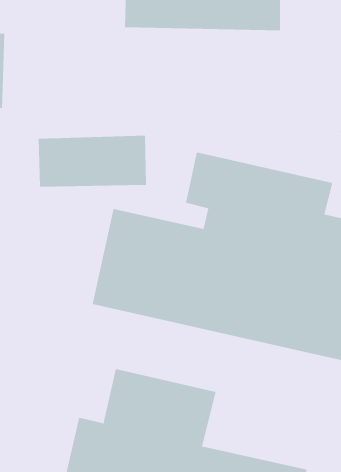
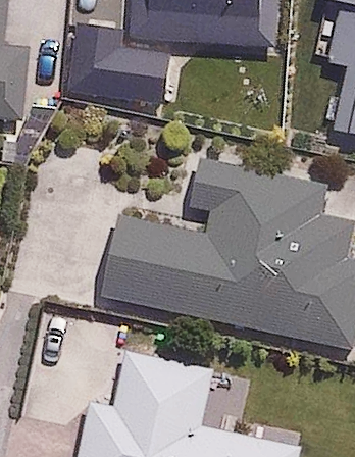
building: [38,135,147,187] -> [74,51,174,99]

